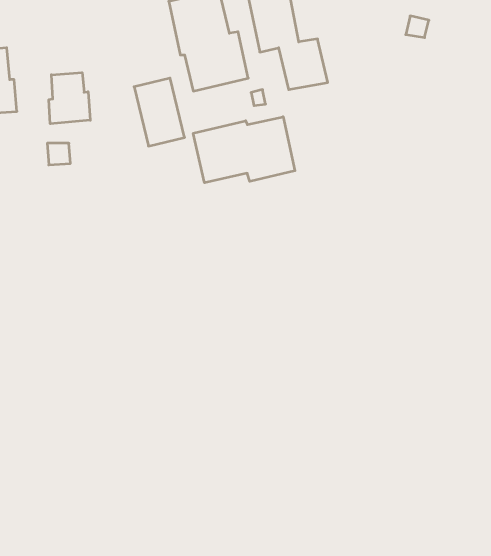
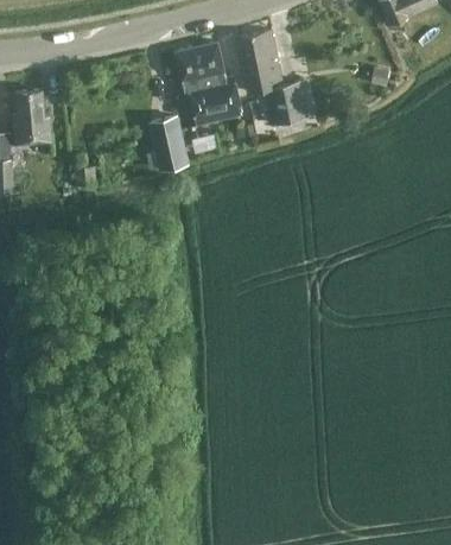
building: [49,73,90,124] -> none
building: [193,117,295,183] -> none

